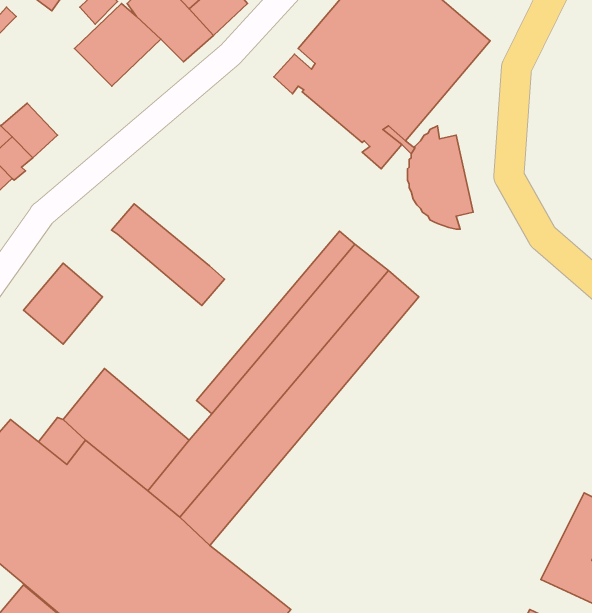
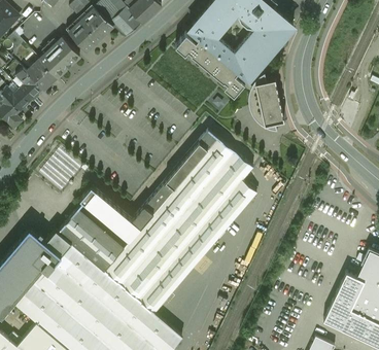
building: none -> [40,38,80,77]
building: [112,204,225,305] -> [79,188,141,244]
building: none -> [140,179,259,313]

